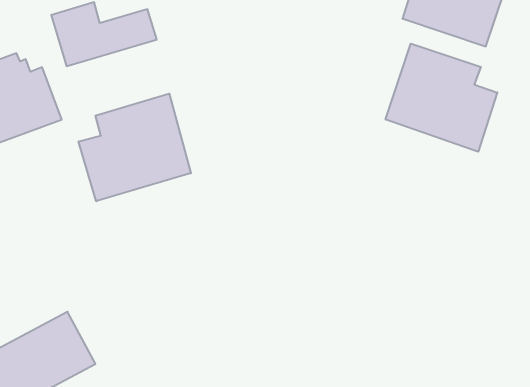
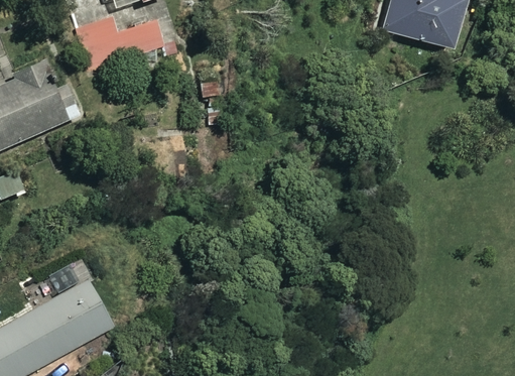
building: [386,44,497,152] -> none
building: [79,94,191,201] -> none

